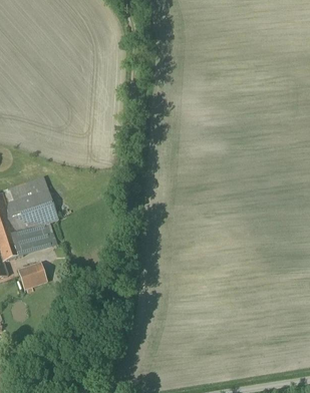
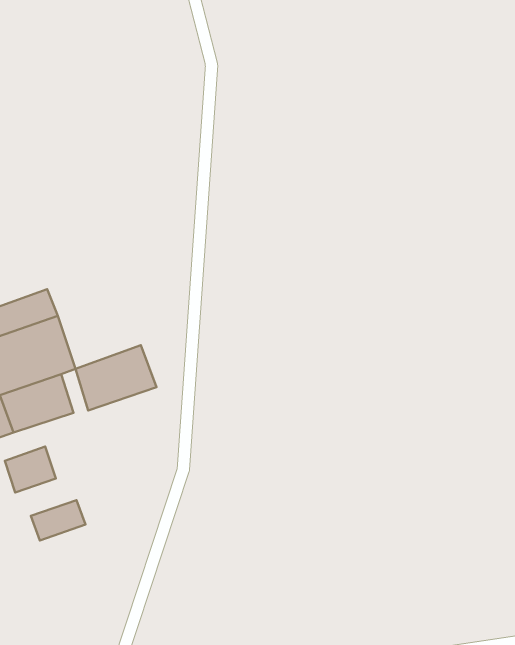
building: none -> [75,345,156,411]
building: none -> [31,500,86,540]

